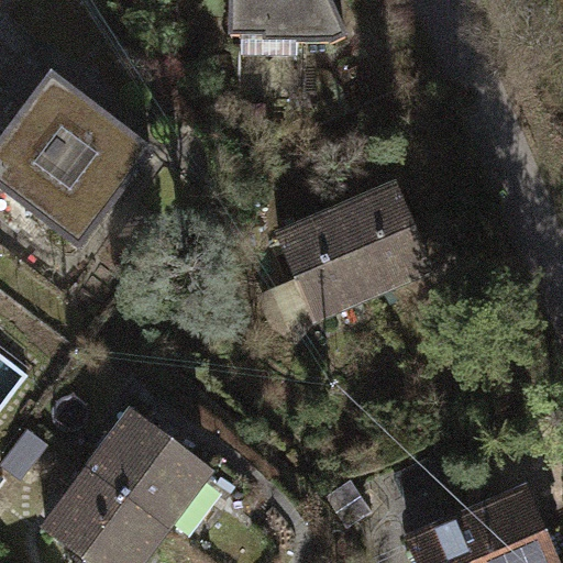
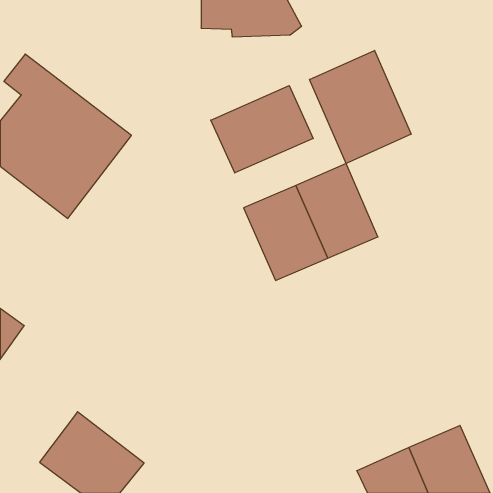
building: none -> [310,50,411,163]
building: none -> [211,86,313,173]
building: [89,412,209,527] -> none

